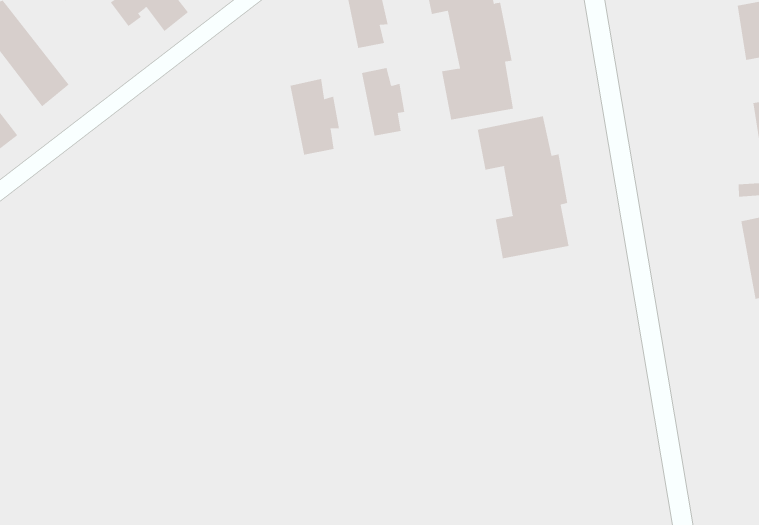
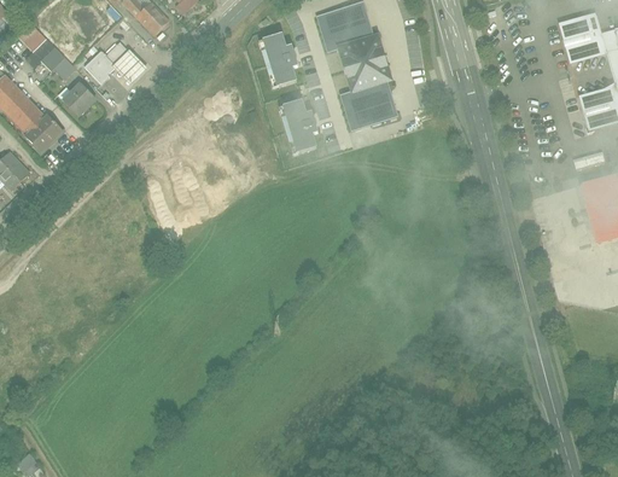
building: none -> [60,80,94,114]
building: [290,78,339,155] -> none
building: [477,115,569,259] -> none

